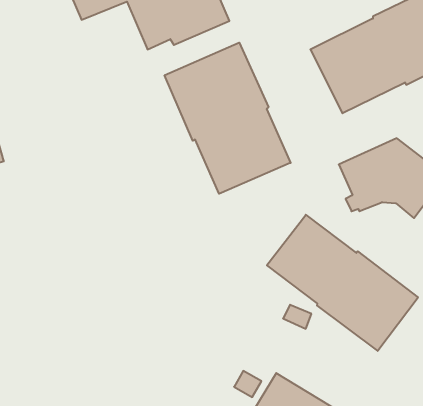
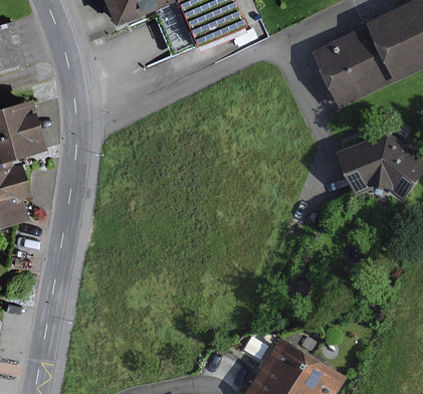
building: [165,43,291,194] -> none
building: [267,215,418,351] -> none

